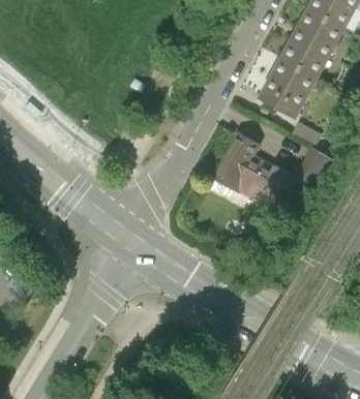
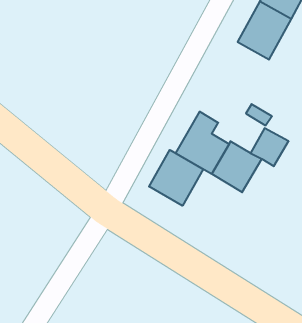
building: [257,54,317,118] -> none
building: none -> [149,150,203,206]

